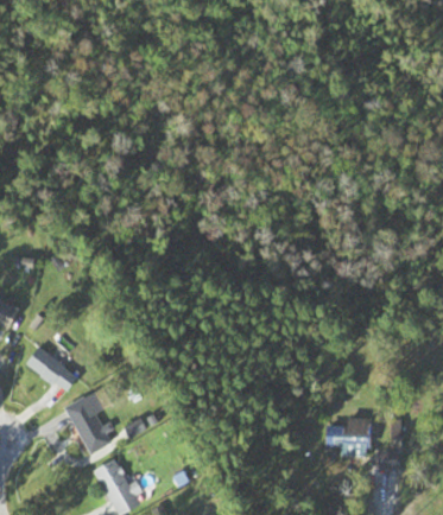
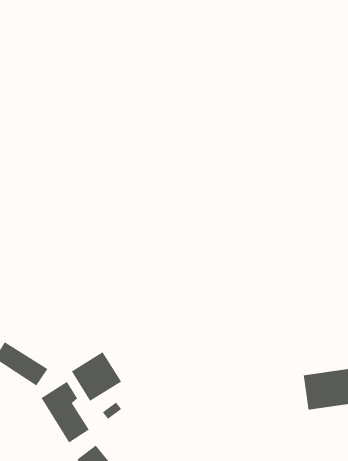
building: none -> [71,351,122,402]

